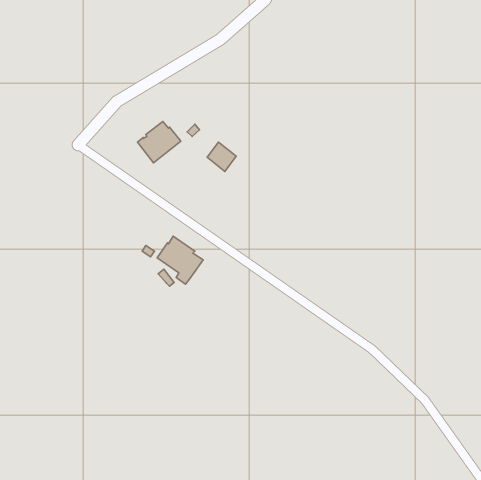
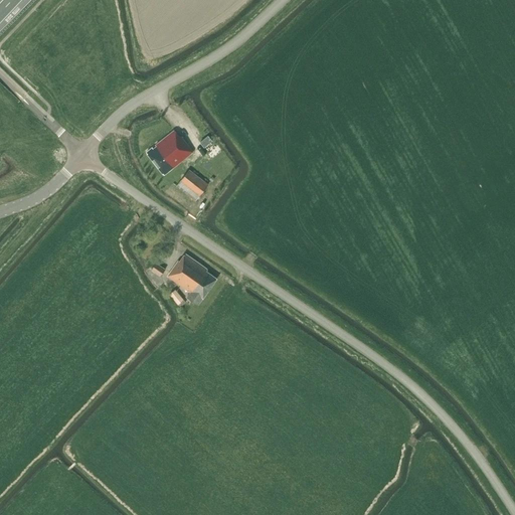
building: [207,142,236,171] -> [177,169,208,200]

